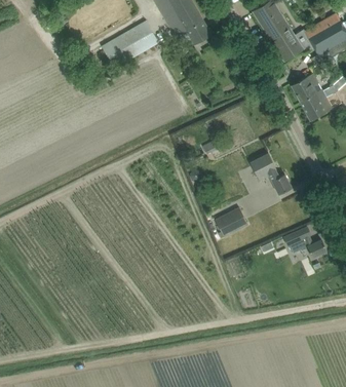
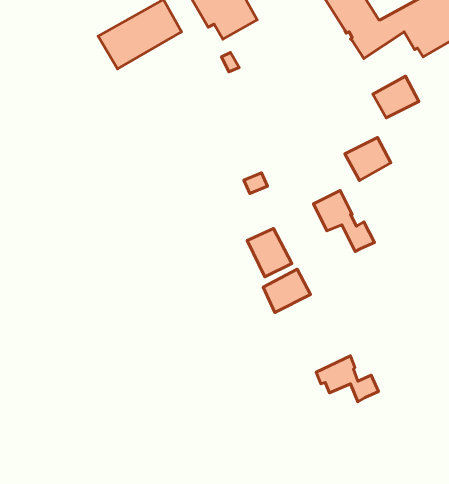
building: [300,91,332,121] -> [345,137,391,181]
building: none -> [247,228,292,277]
building: [283,227,326,259] -> [316,356,379,402]

